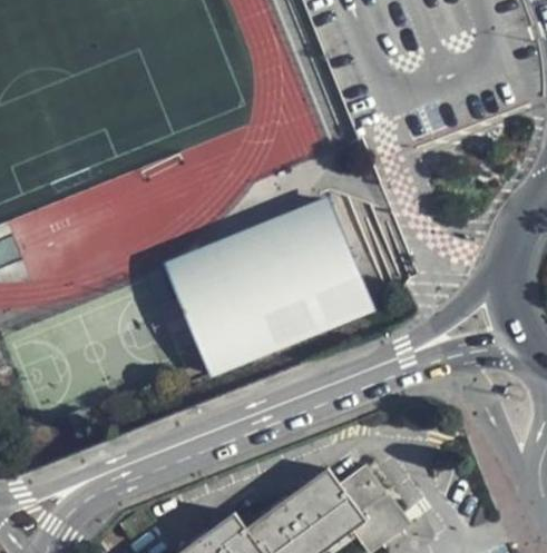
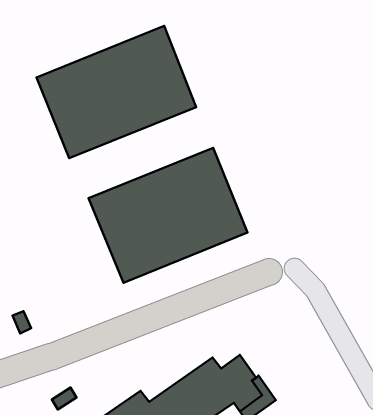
building: none -> [36,26,196,158]

